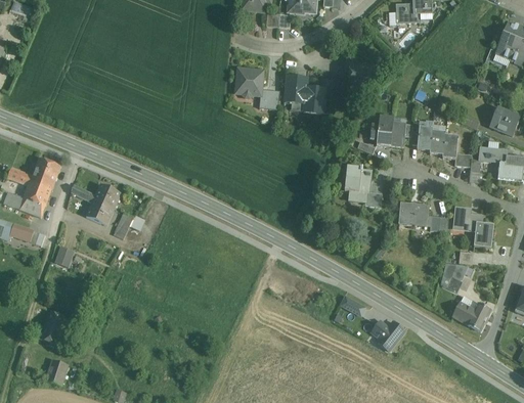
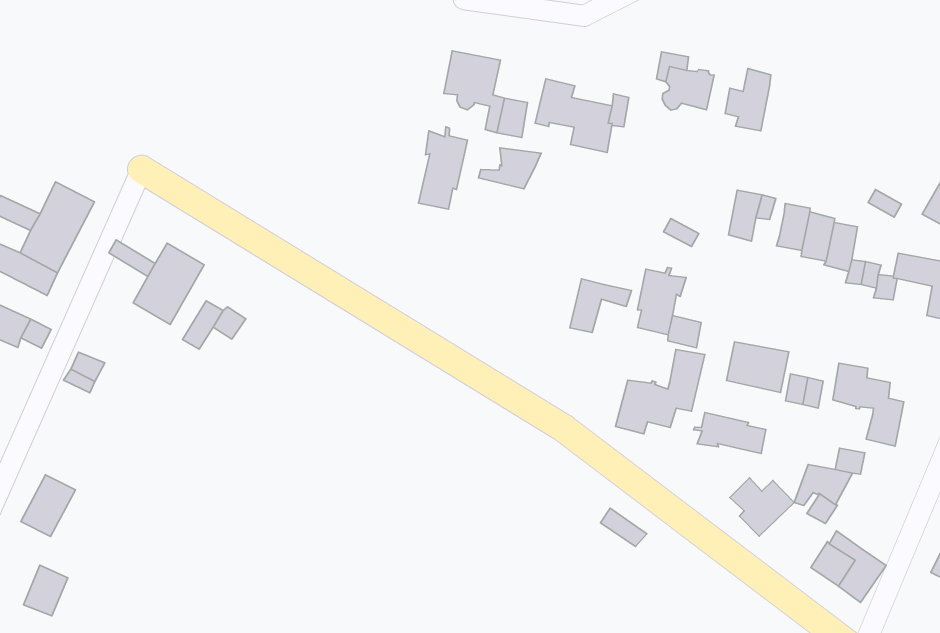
building: none -> [419,127,468,209]
building: none -> [478,148,541,189]
building: [372,116,393,147] -> [725,68,771,131]
building: none -> [570,279,631,332]
building: none -> [616,349,705,434]
building: none -> [694,413,766,453]
building: [372,320,405,350] -> [730,478,794,536]

